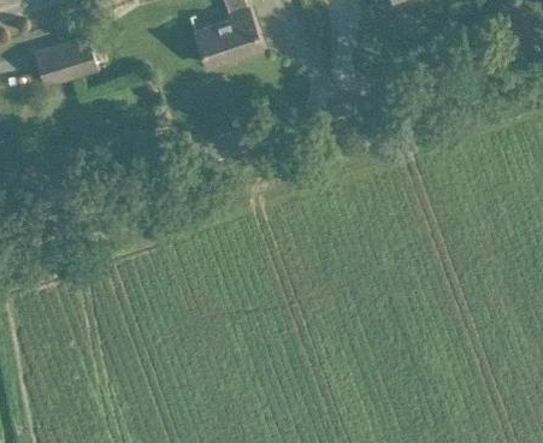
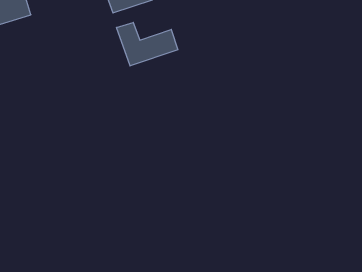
building: none -> [117,22,178,66]

